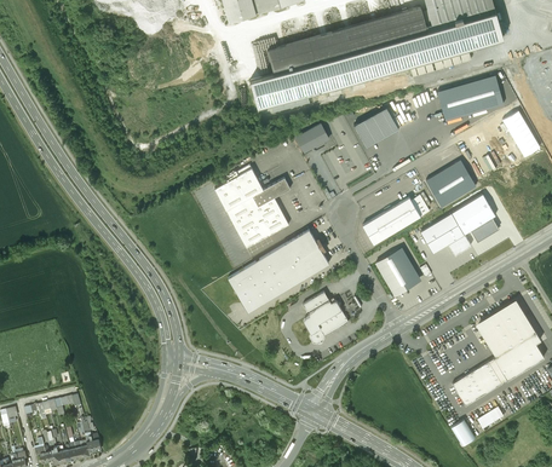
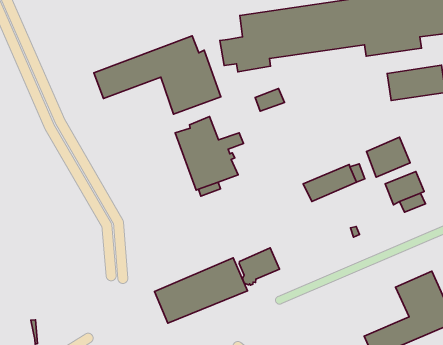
building: none -> [94,36,221,114]
building: [353,108,398,148] -> none
building: [420,213,471,255] -> none
building: [228,230,329,311] -> [154,258,248,323]
building: [375,249,418,295] -> none

